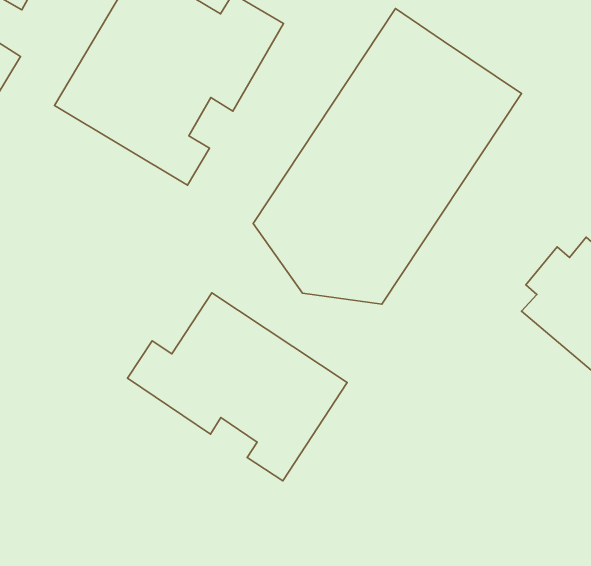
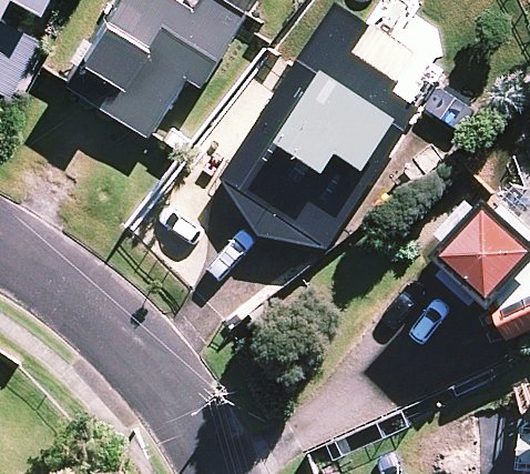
building: [127,293,347,481] -> none

